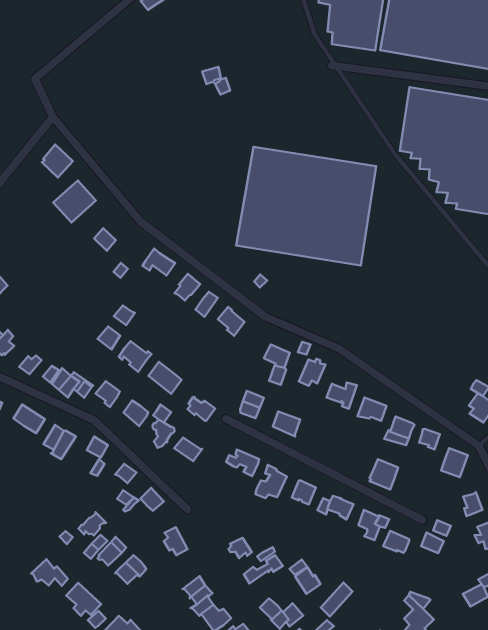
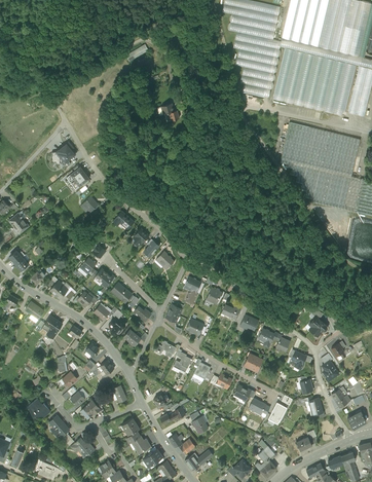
building: [236,147,376,266] -> none

